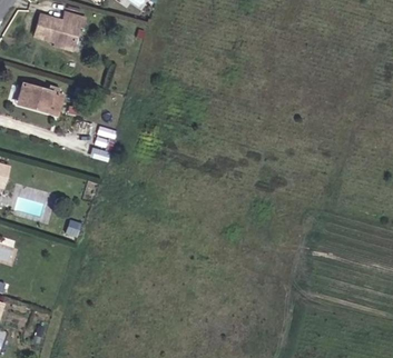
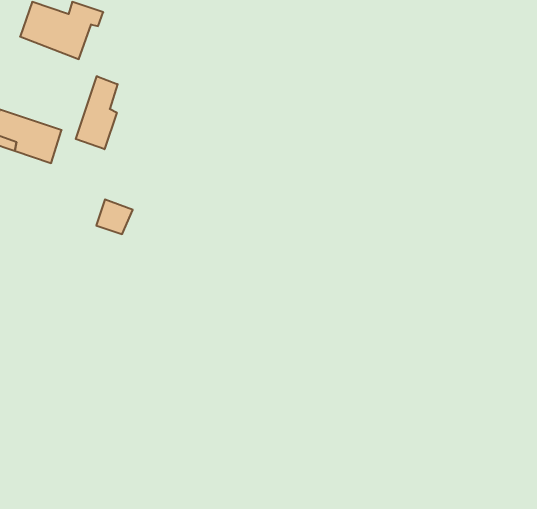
building: none -> [76,76,118,149]

